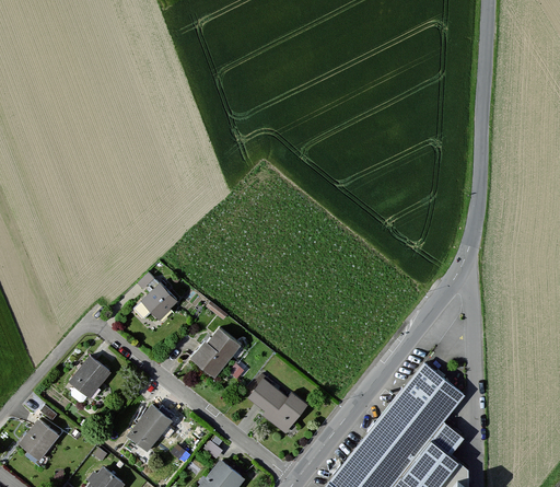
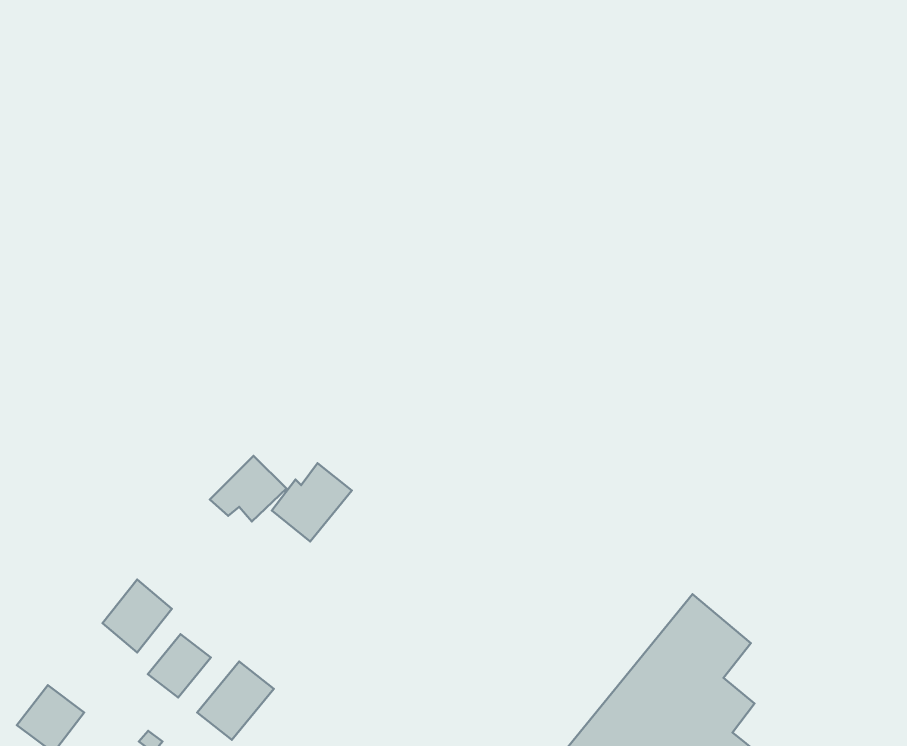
building: [191,331,240,378] -> [272,463,352,542]
building: [248,379,308,434] -> none
building: none -> [148,634,211,697]

